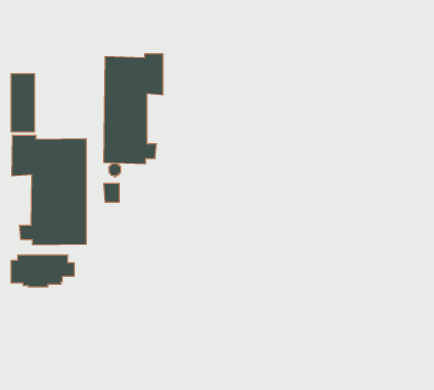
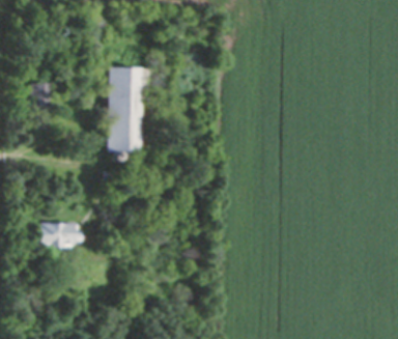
building: [12,135,86,245] -> none

